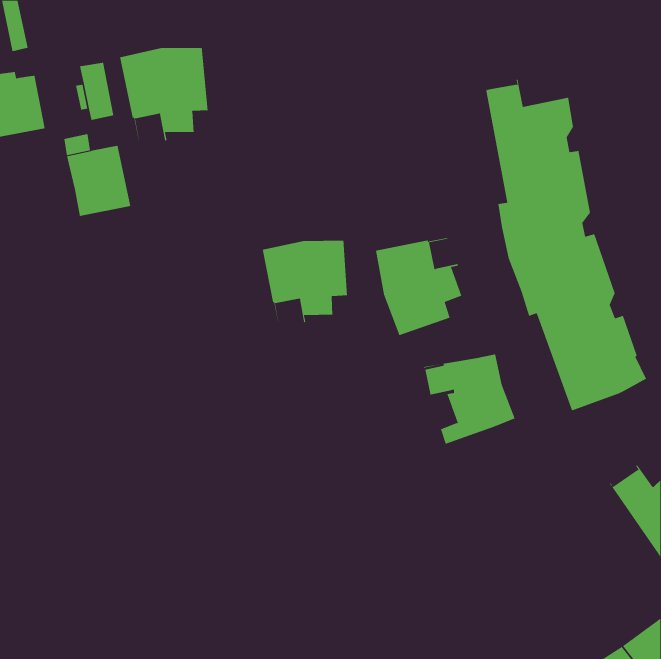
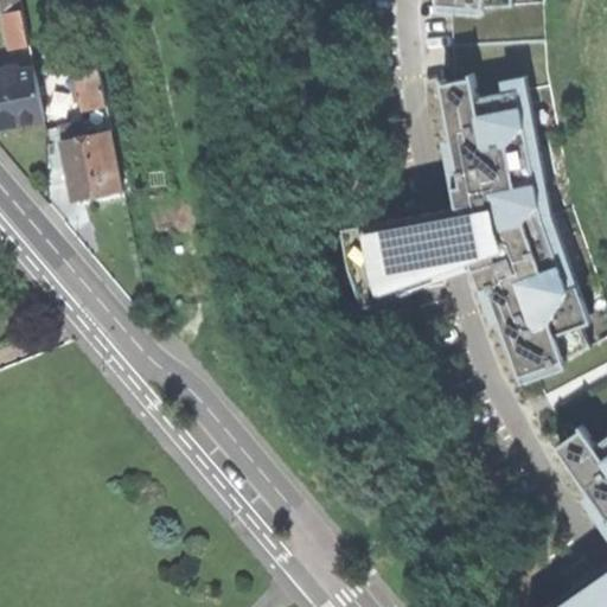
building: [120,47,208,141] -> none
building: [262,240,347,323] -> none
building: [423,354,515,445] -> [391,211,475,294]

